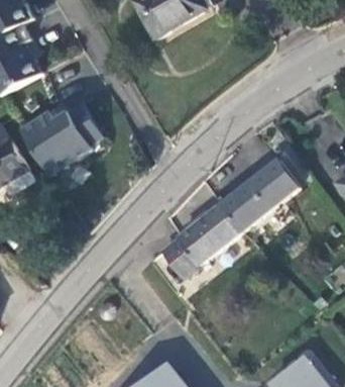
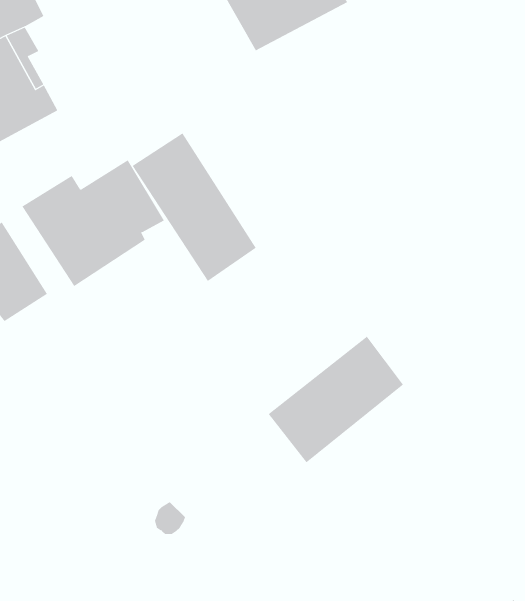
building: none -> [132,132,257,282]
building: [219,159,299,231] -> none

